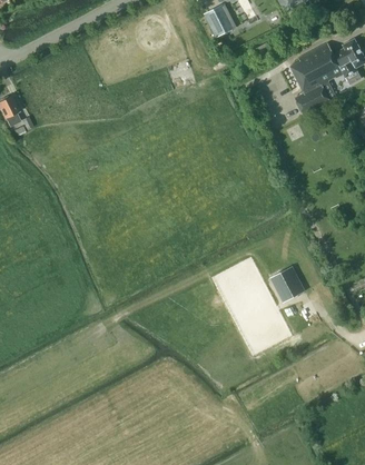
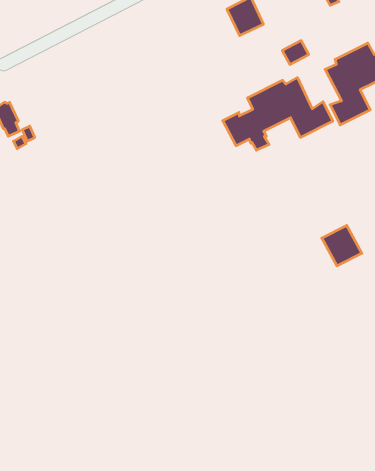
building: none -> [223,78,333,150]
building: [270,266,306,301] -> [322,225,362,266]

